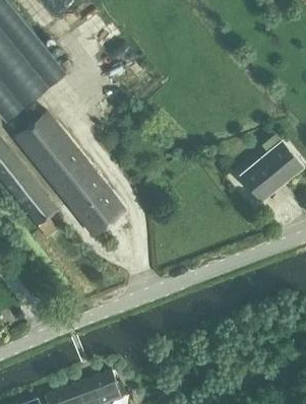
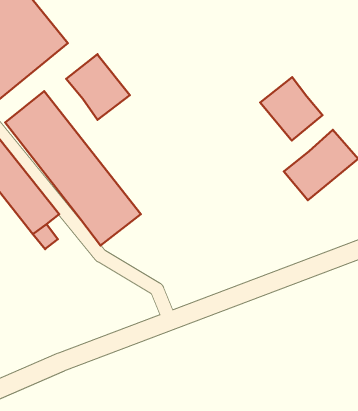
building: none -> [66,54,130,120]
building: none -> [260,77,323,141]

